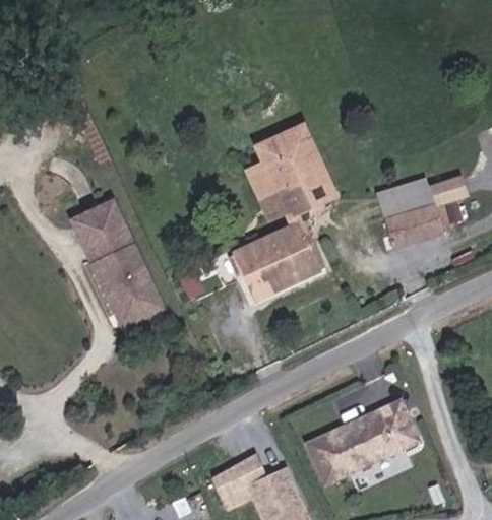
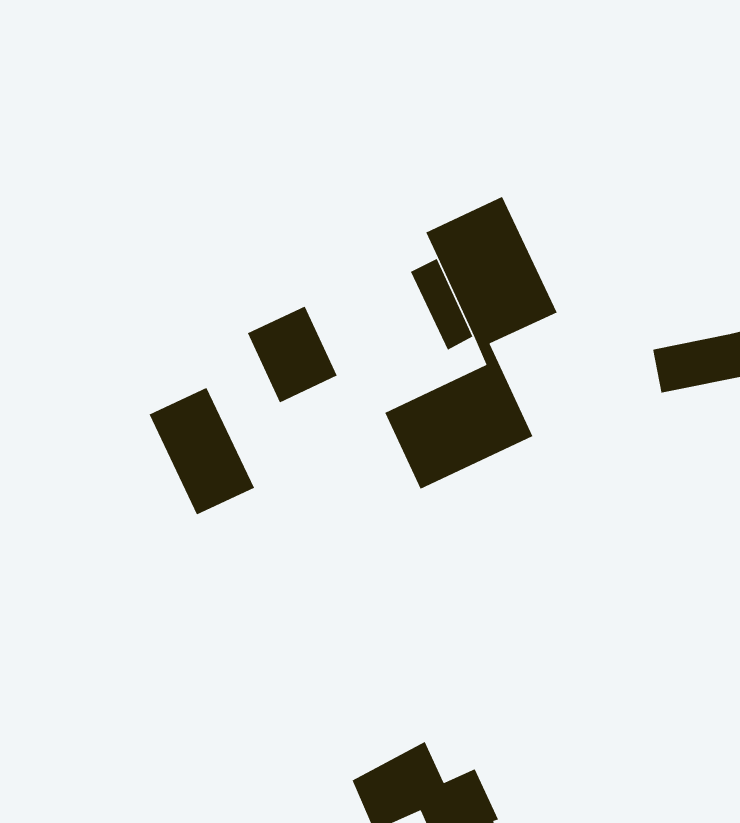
building: [385,183,435,219] -> none
building: [72,200,126,258] -> [247,305,338,403]
building: [303,395,423,484] -> none

